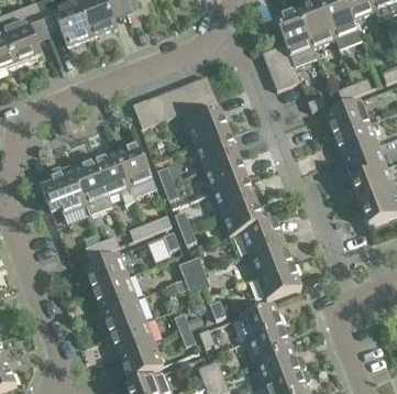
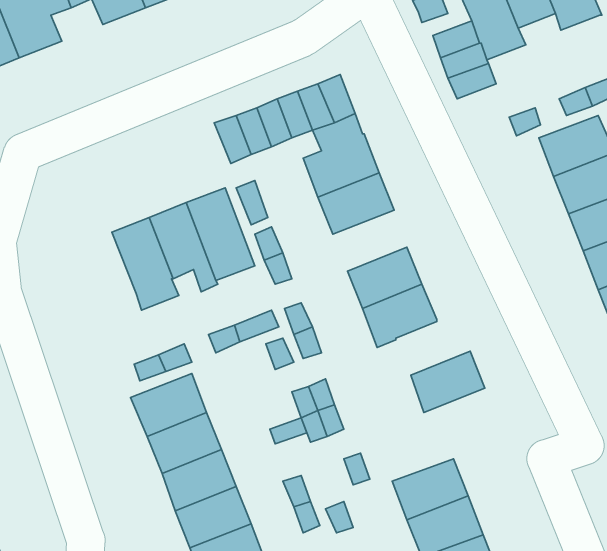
building: [202,156,246,193] -> none
building: [38,169,86,215] -> none
building: [240,218,284,254] -> none
building: [256,262,301,299] -> none

